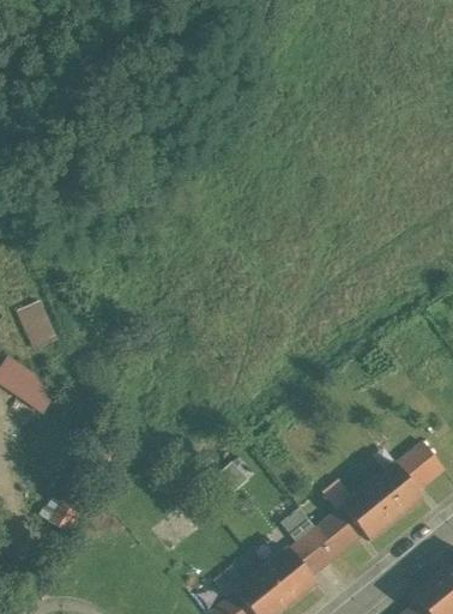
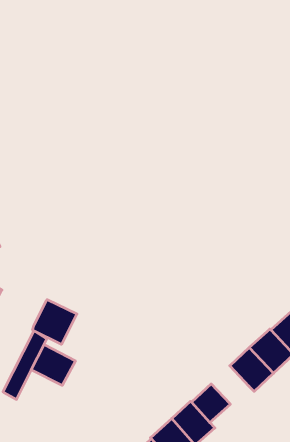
building: none -> [33,300,77,344]
building: none -> [31,344,75,385]
building: [313,507,361,555] -> none

